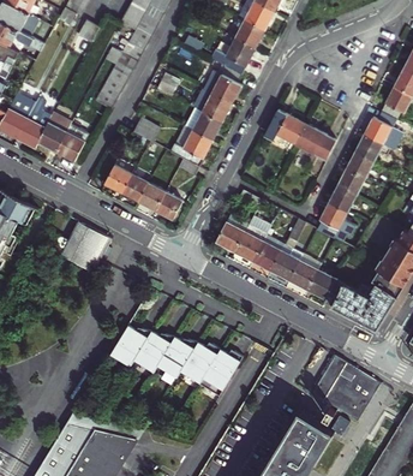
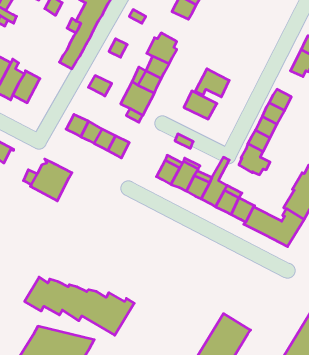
building: [211,38,255,76] -> none
building: [364,112,397,144] -> none
building: [55,124,89,161] -> none
building: [295,124,336,159] -> [184,91,217,119]
building: [108,326,244,398] -> [25,277,134,335]
building: [311,356,379,422] -> none

